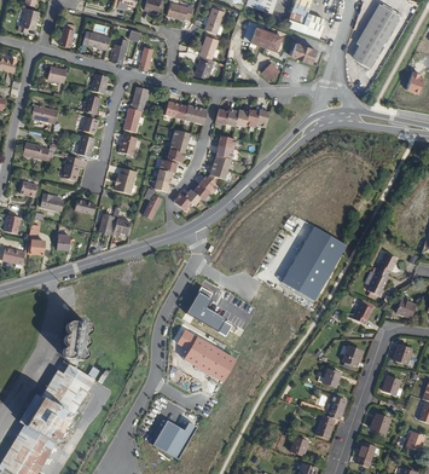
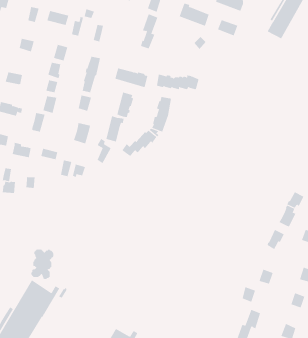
building: [276,222,343,297] -> none
building: [186,291,224,330] -> none
building: [176,329,237,382] -> none

